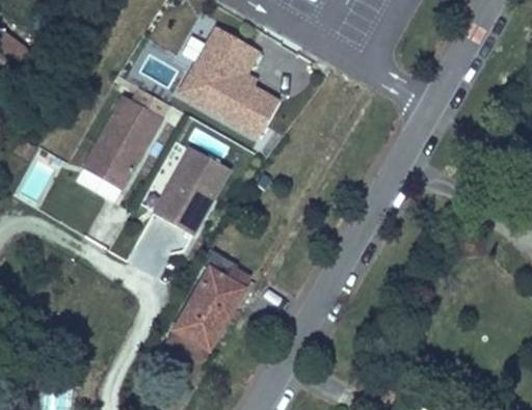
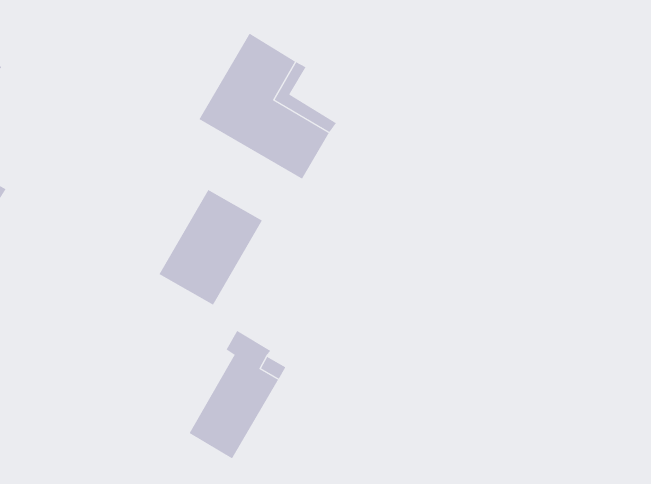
building: [82,94,161,186] -> none

